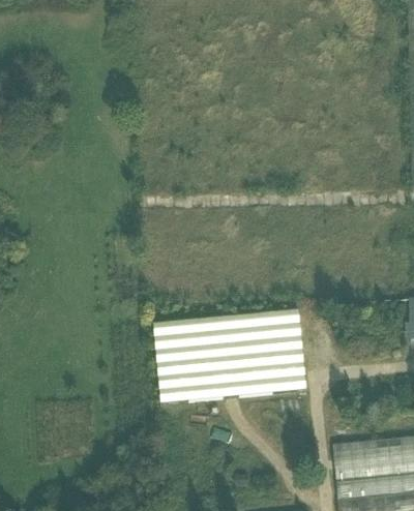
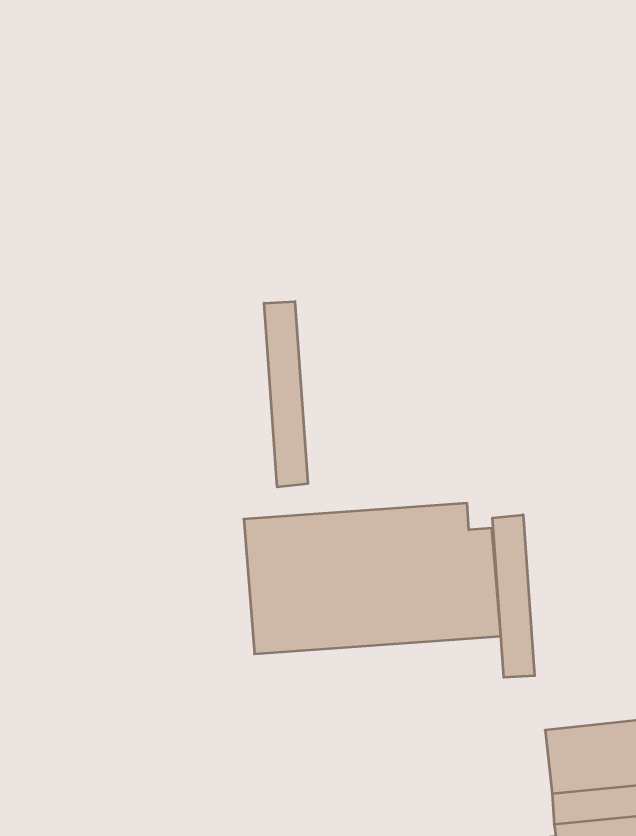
building: none -> [264,301,308,487]
building: none -> [492,515,535,677]

